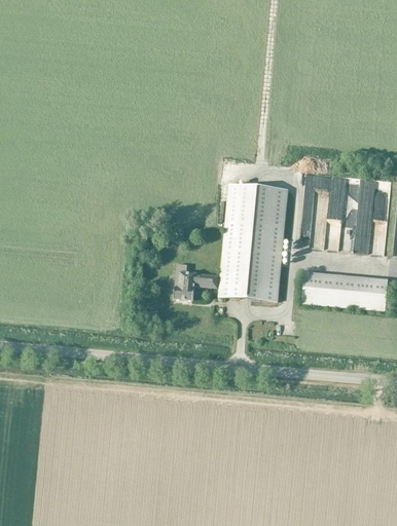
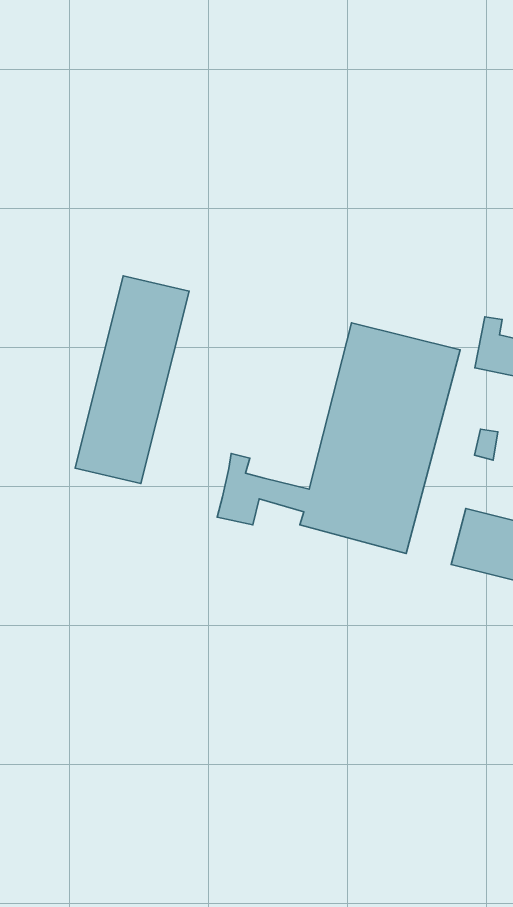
building: none -> [75,276,189,483]

